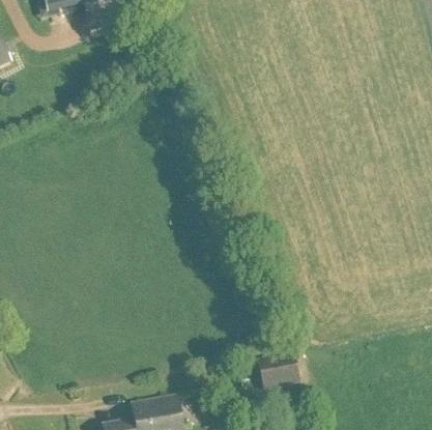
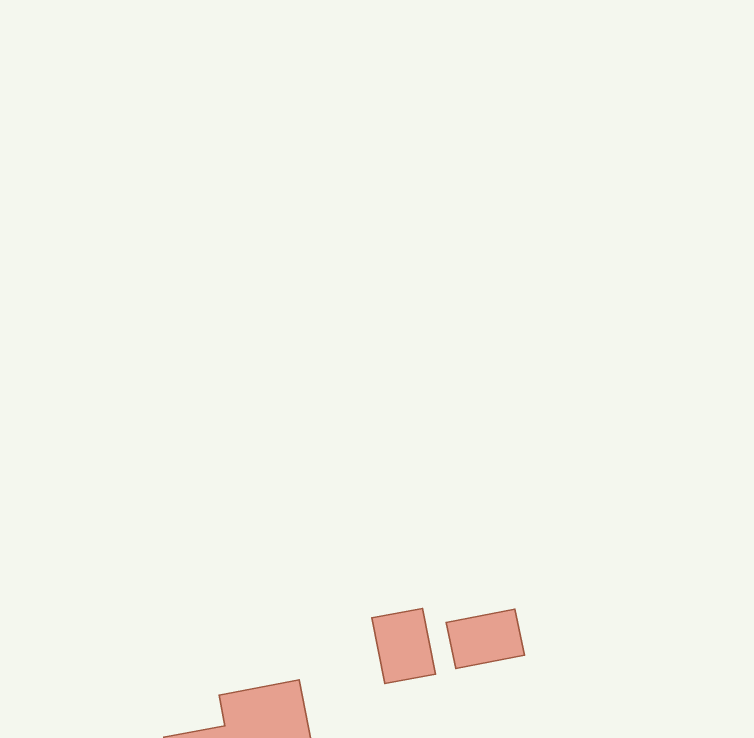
building: none -> [372,608,435,684]

